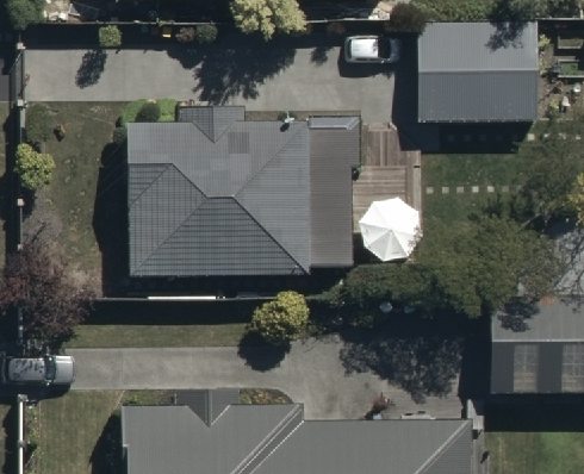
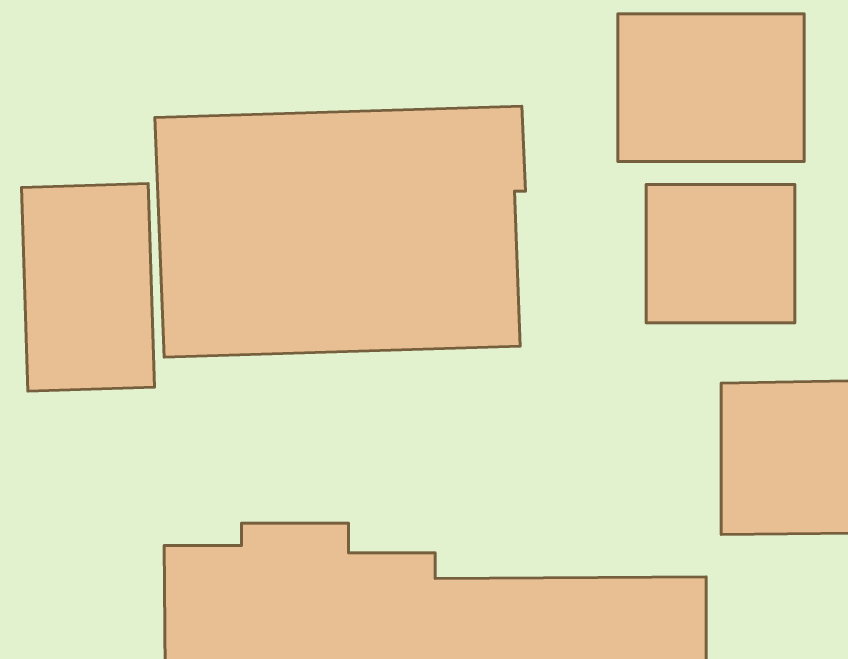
building: none -> [22,184,154,391]
building: none -> [646,184,795,323]

